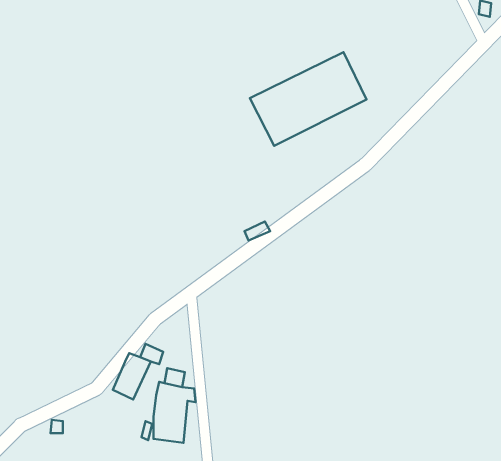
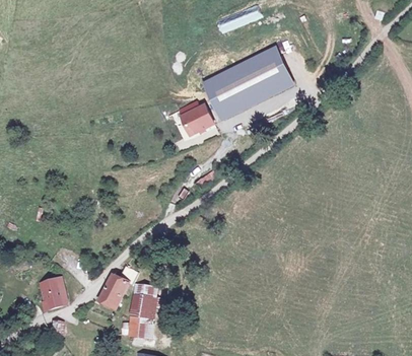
building: none -> [180,104,211,135]
building: none -> [42,280,70,311]

